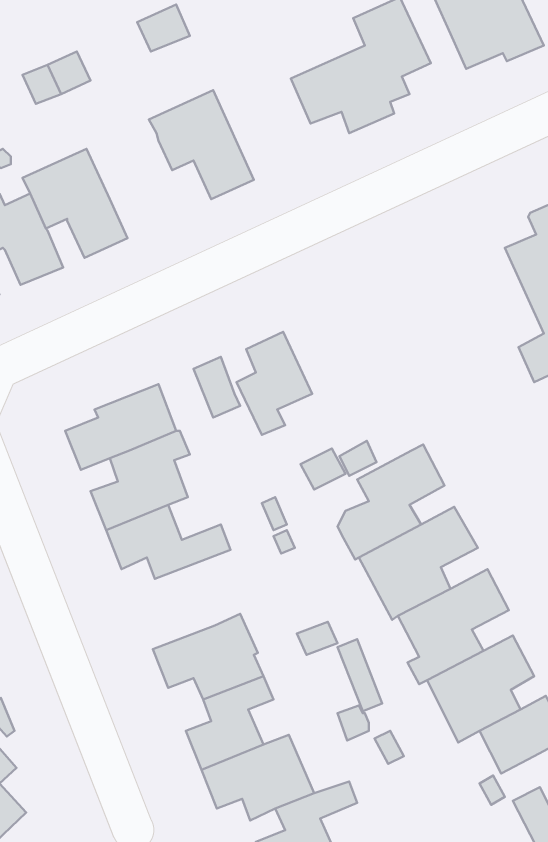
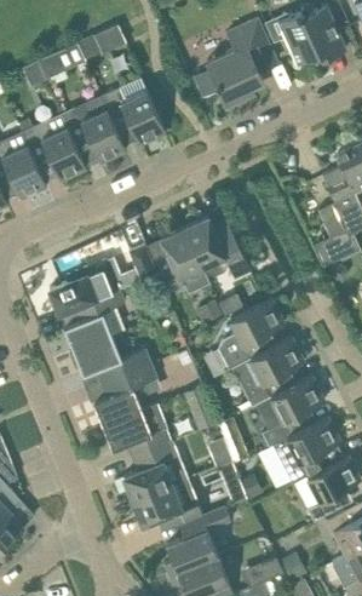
building: none -> [62,103,126,164]
building: none -> [184,218,249,277]
building: none -> [93,363,157,425]

